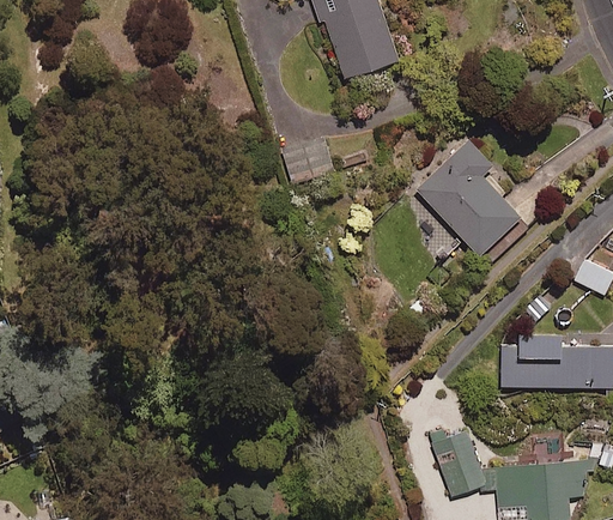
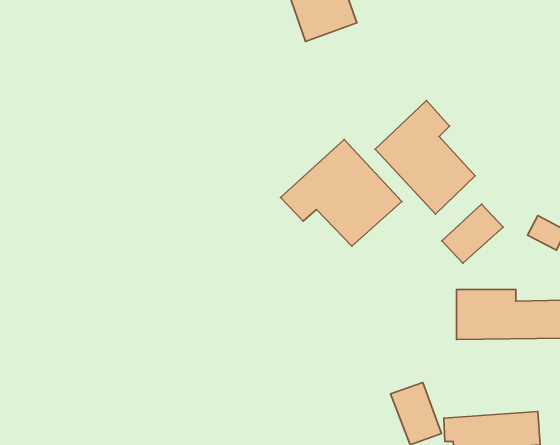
building: none -> [280,140,402,246]
building: none -> [442,204,503,263]

